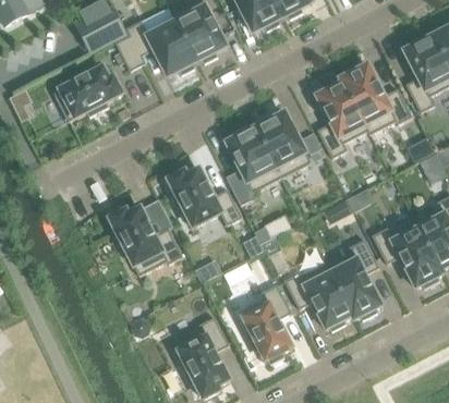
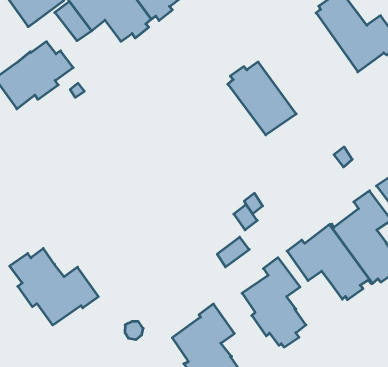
building: [316,76,369,156] -> none
building: [227,124,281,191] -> none
building: [168,168,241,225] -> none
building: [109,206,182,273] -> [10,248,98,325]

